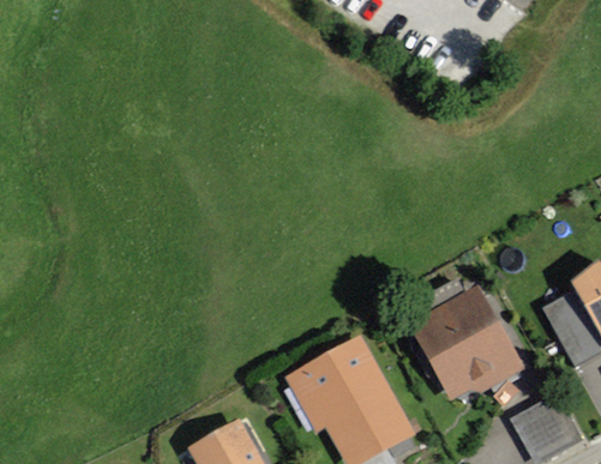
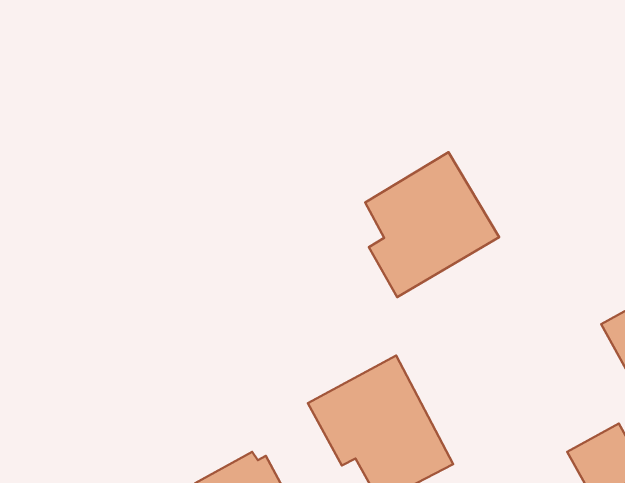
building: none -> [365,152,499,297]
building: [409,281,528,396] -> none

